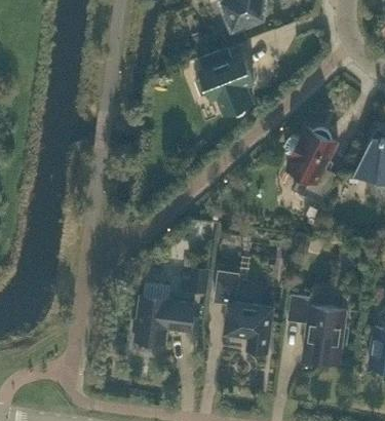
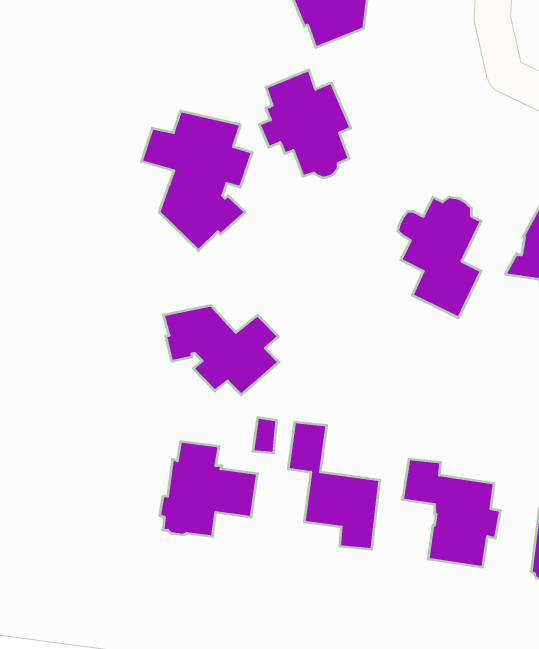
building: none -> [141,111,252,251]
building: none -> [163,305,279,395]

